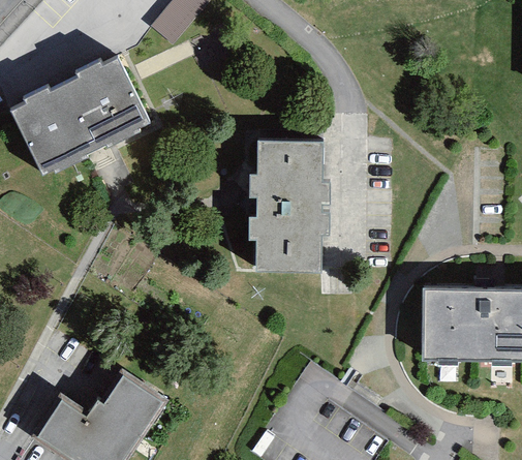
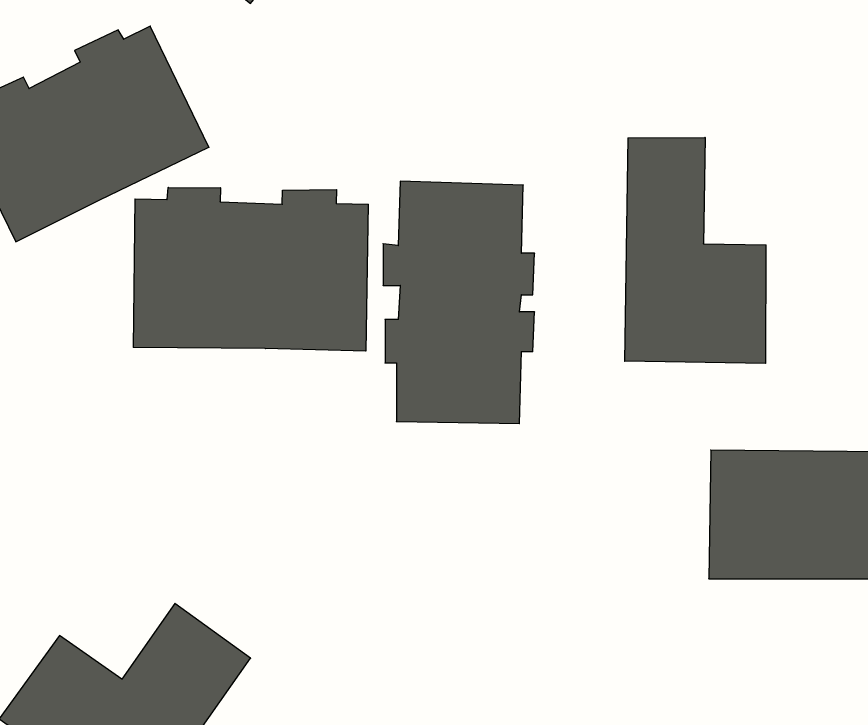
building: none -> [625,137,766,363]
building: none -> [133,187,368,351]

